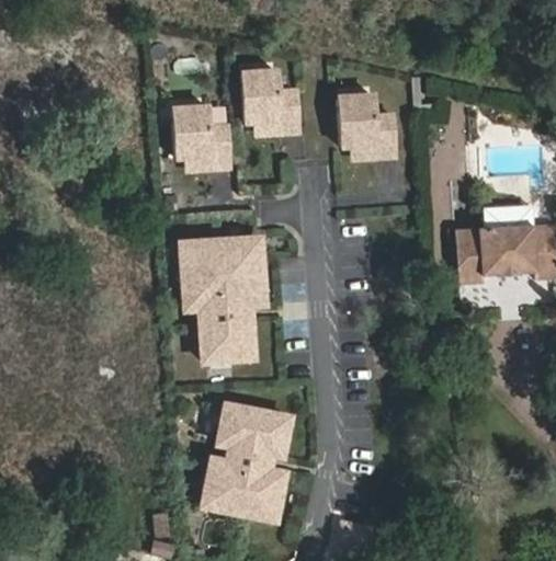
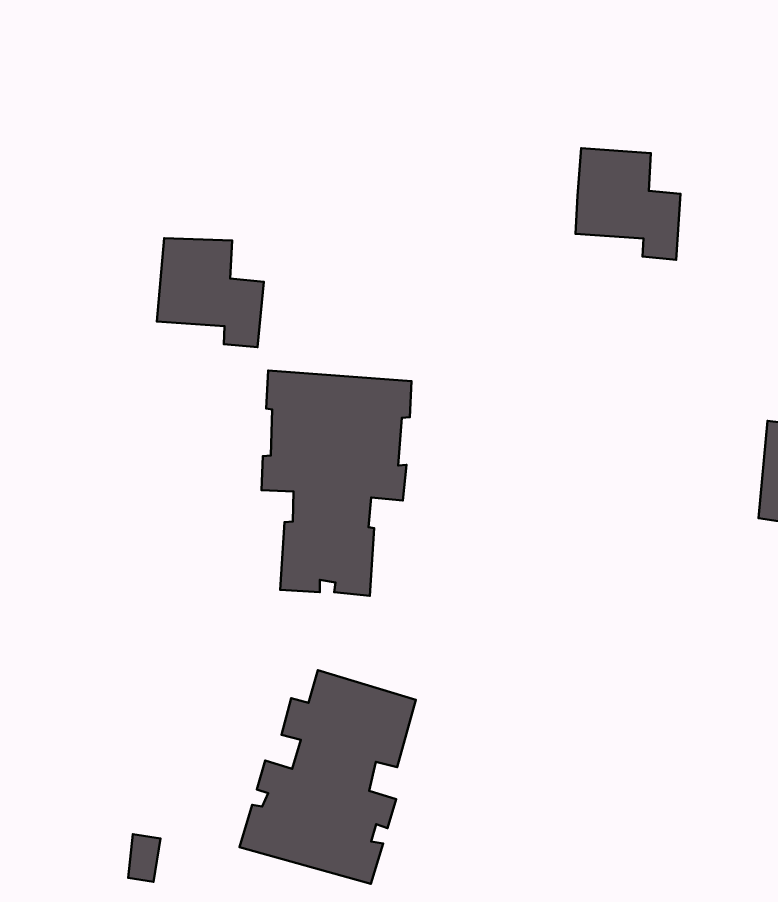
building: [237,72,298,129] -> none
building: [169,108,229,165] -> [157,238,264,347]

